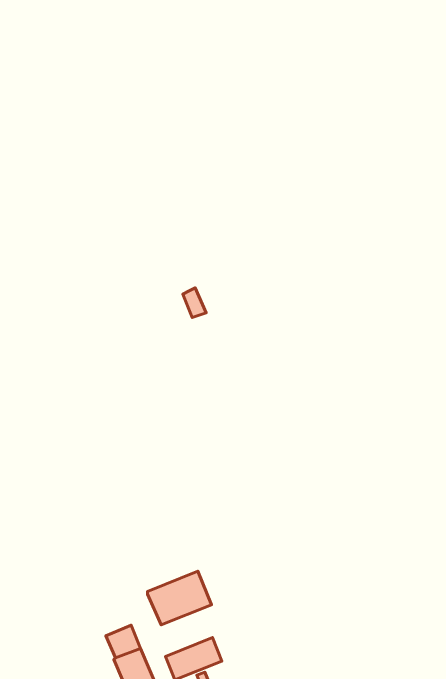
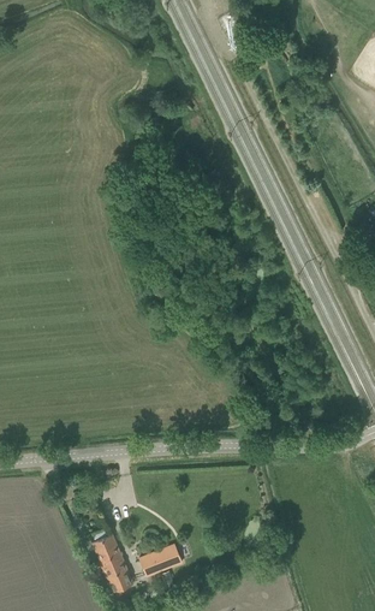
building: [147,571,211,625] -> none

